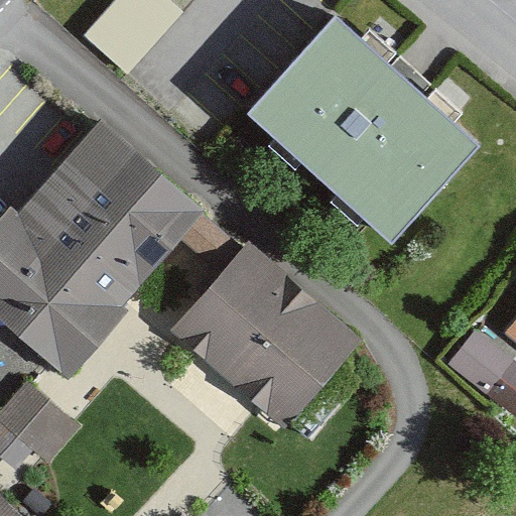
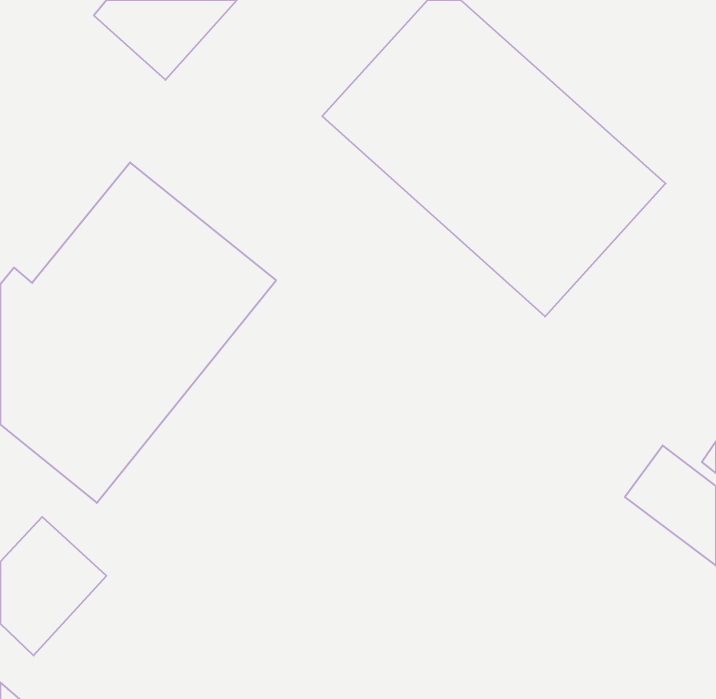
building: [176,248,358,423] -> none

